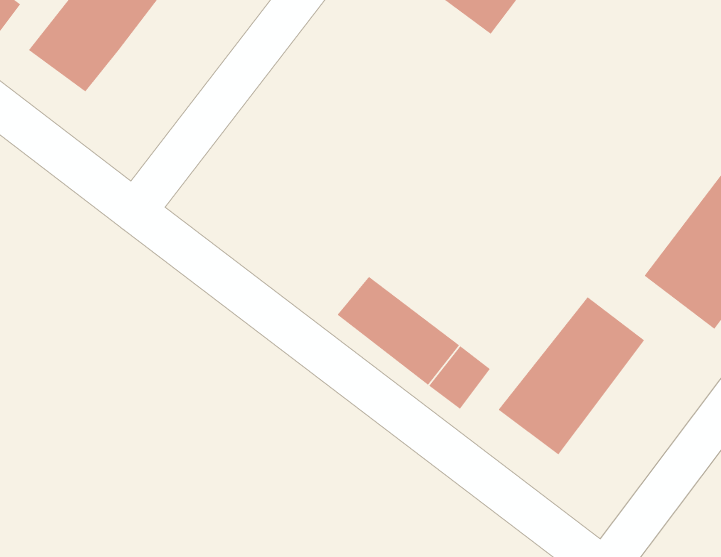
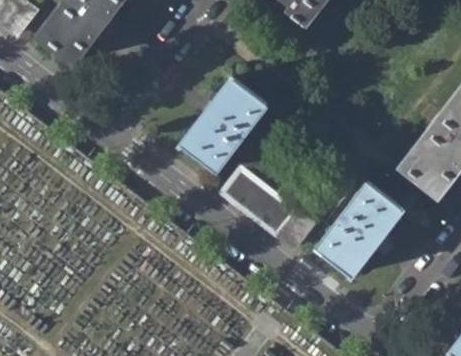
building: none -> [178,75,265,170]

